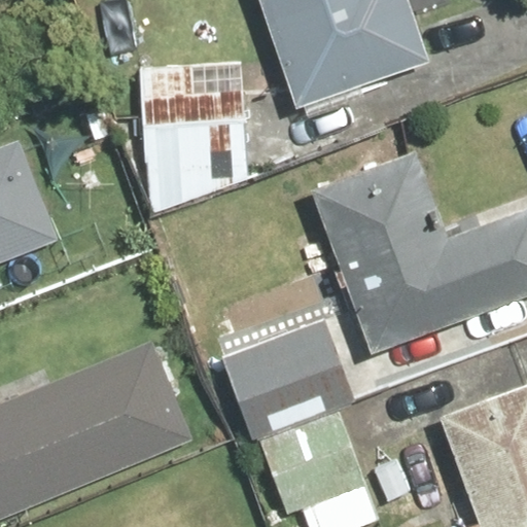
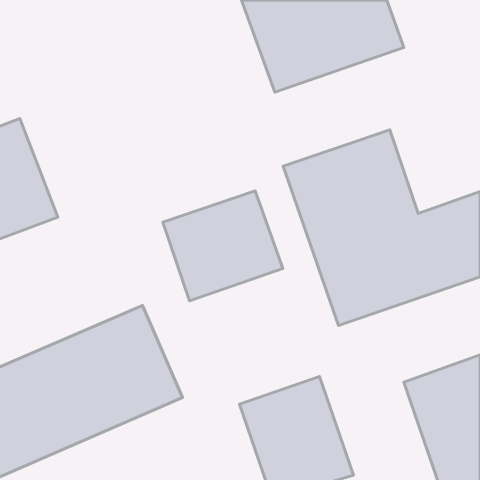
building: [141,61,258,215] -> none
building: [221,316,351,435] -> [163,191,283,301]

